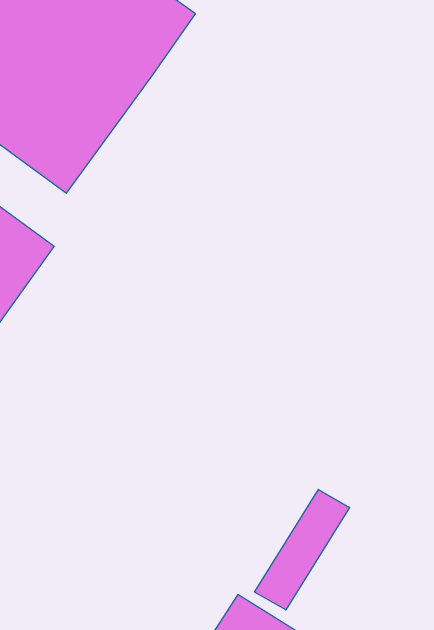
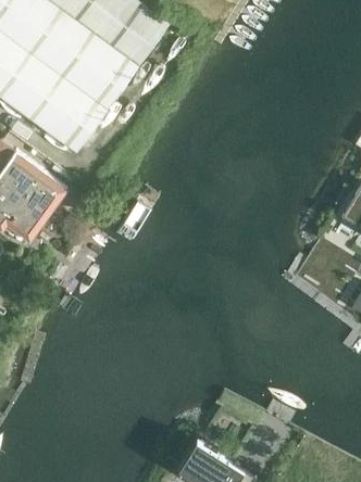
building: [255,489,350,610] -> none

